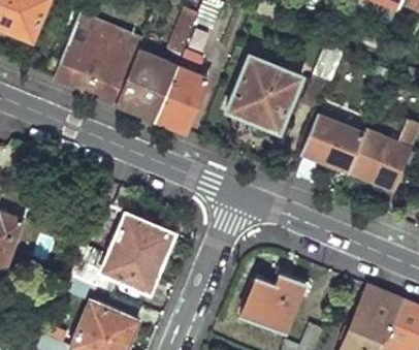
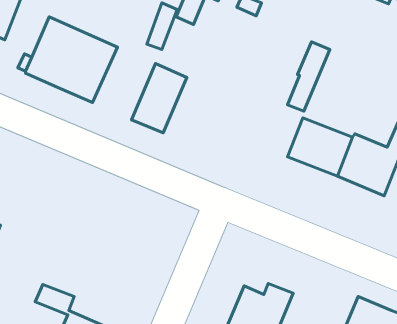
building: [116,49,175,118] -> none
building: [225,56,300,137] -> none
building: [68,214,174,292] -> none

